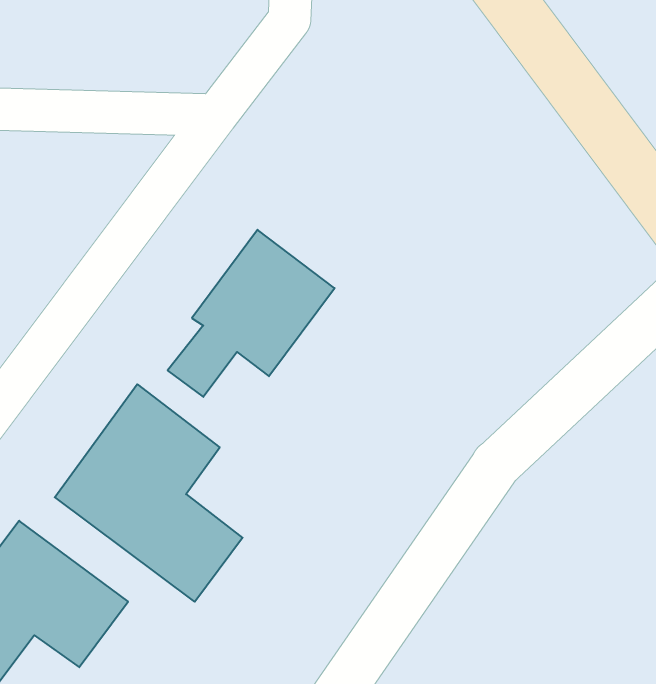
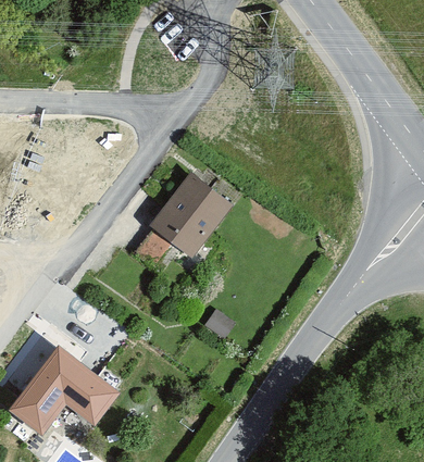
building: [55,384,243,602] -> none

